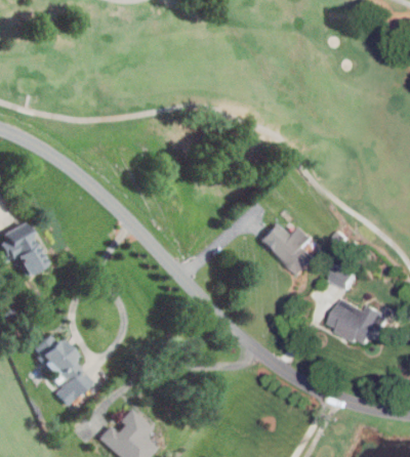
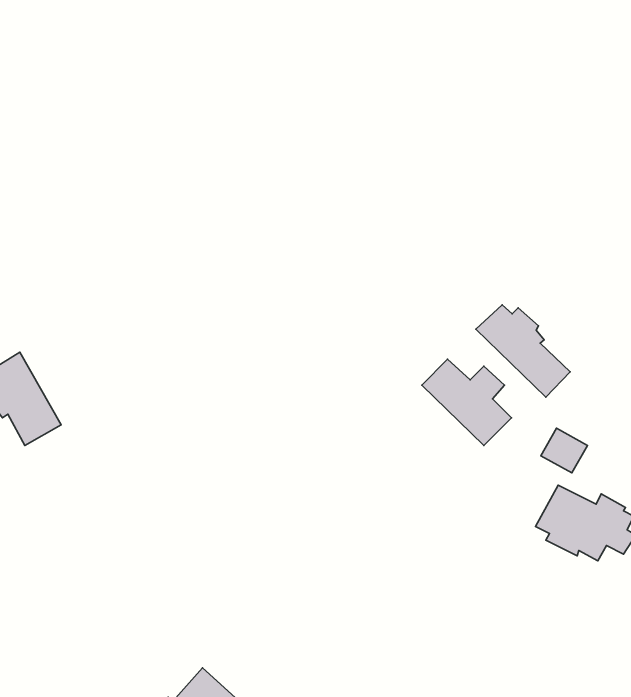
building: none -> [476,305,570,397]
building: [34,335,92,406] -> none

